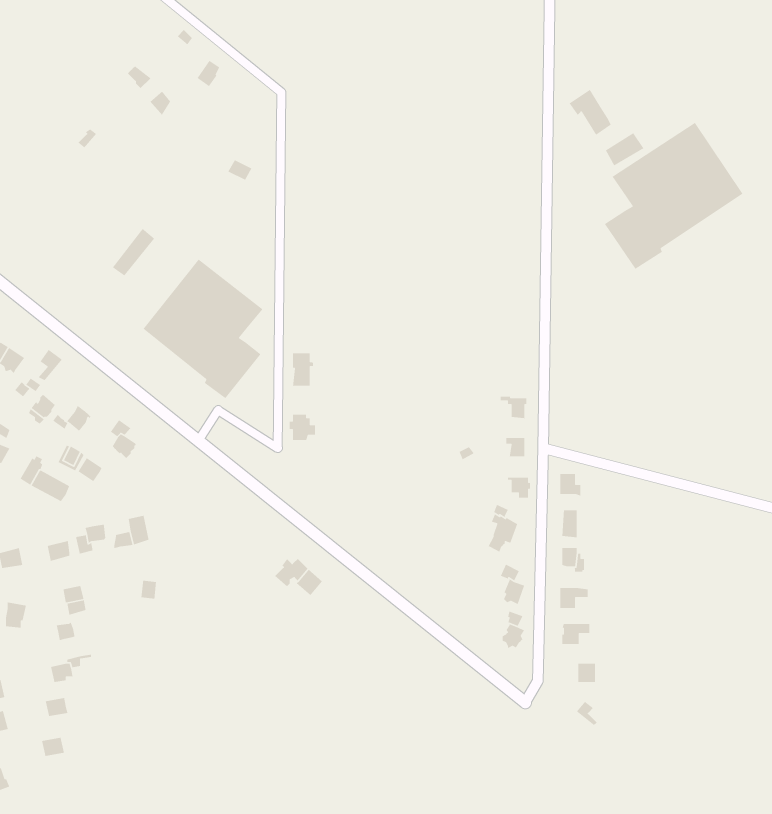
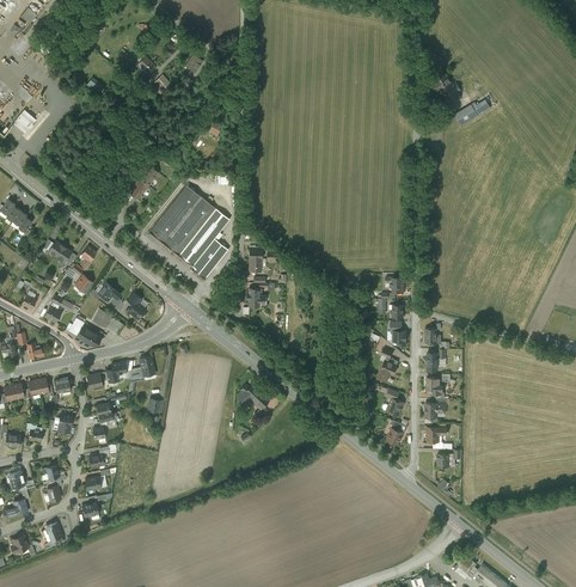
building: [604,122,743,270] -> none

